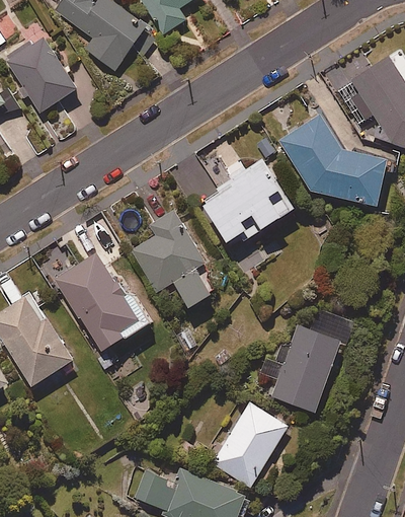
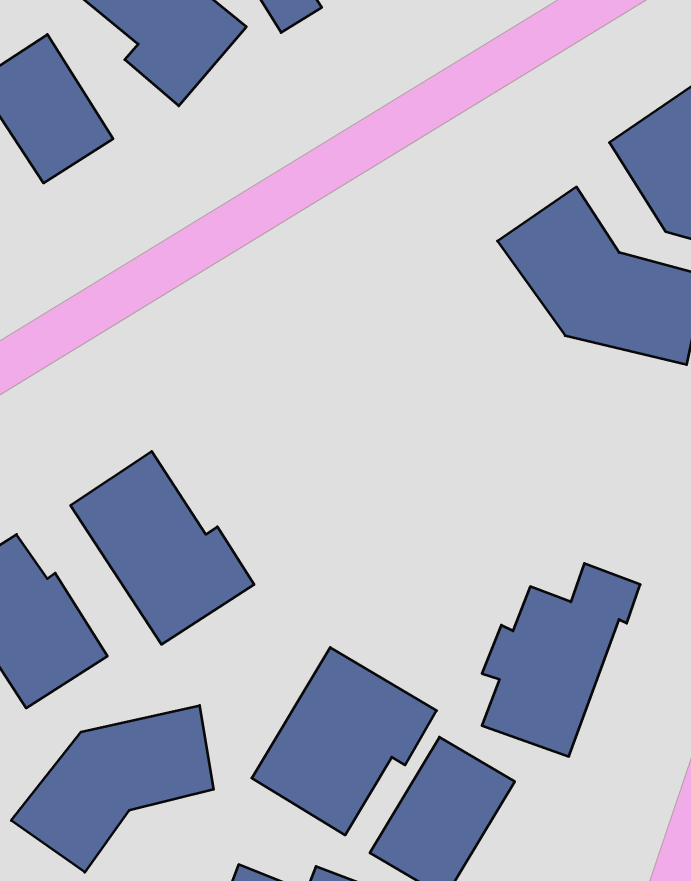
building: [201,160,296,244] -> none
building: [131,210,212,308] -> none
building: none -> [252,647,437,835]
building: none -> [11,705,214,872]

